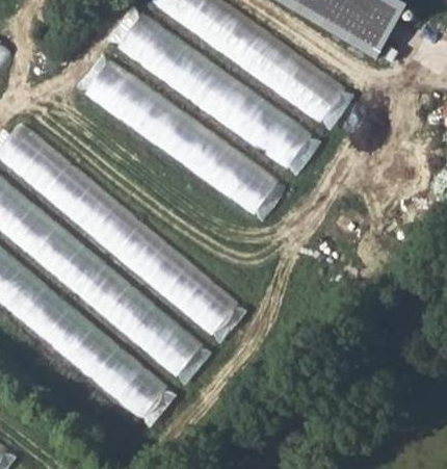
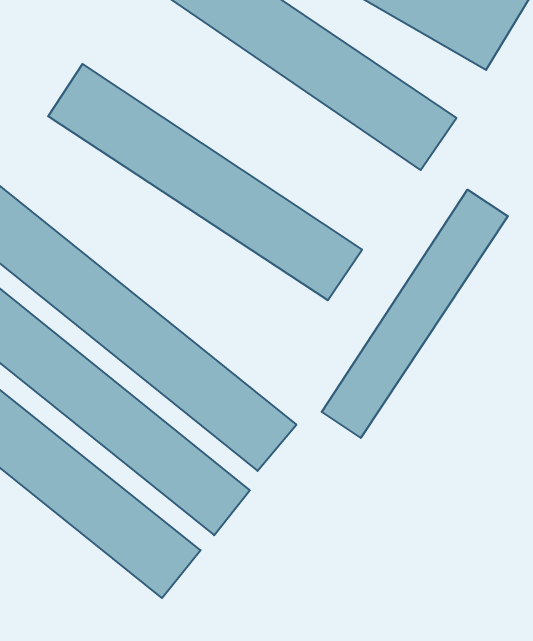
building: [100,15,323,167] -> none
building: none -> [322,190,508,438]

